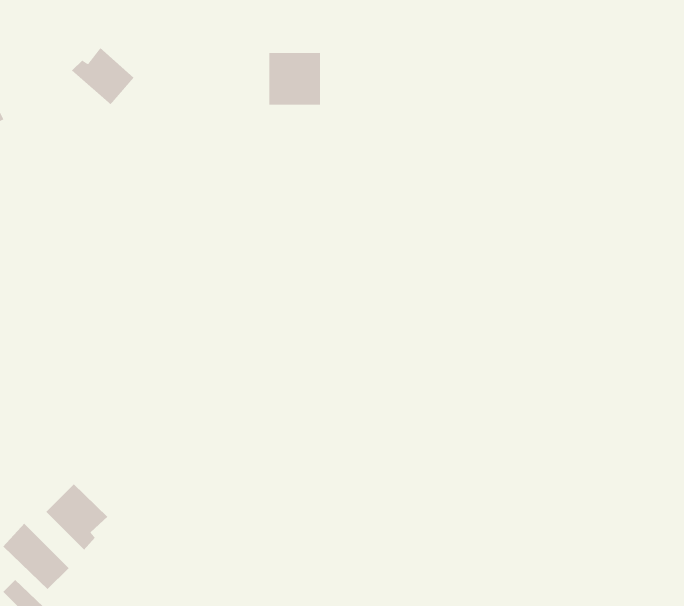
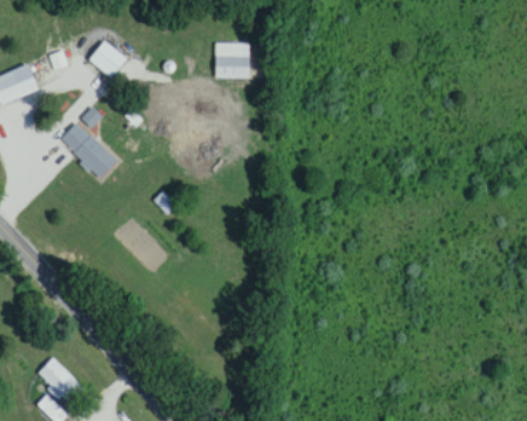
building: none -> [60,121,116,177]
building: [45,484,108,551] -> none

